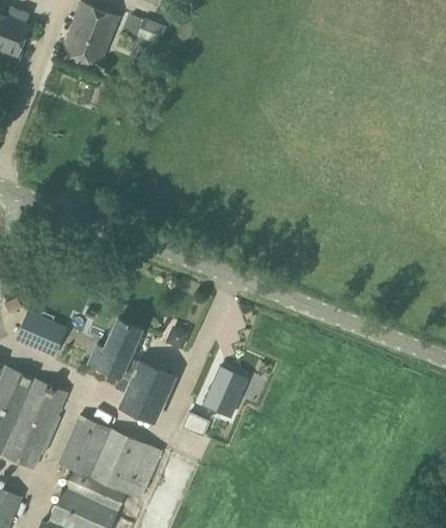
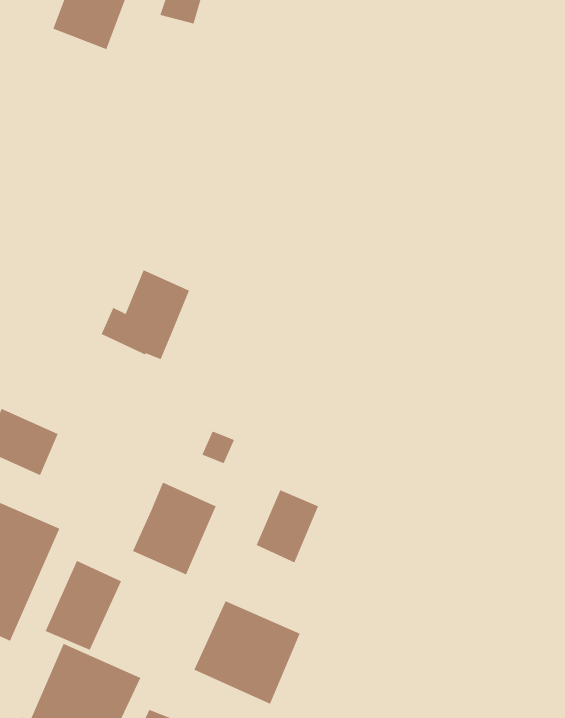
building: [88,318,149,381] -> [101,270,190,360]
building: [88,429,162,501] -> [194,601,301,704]

